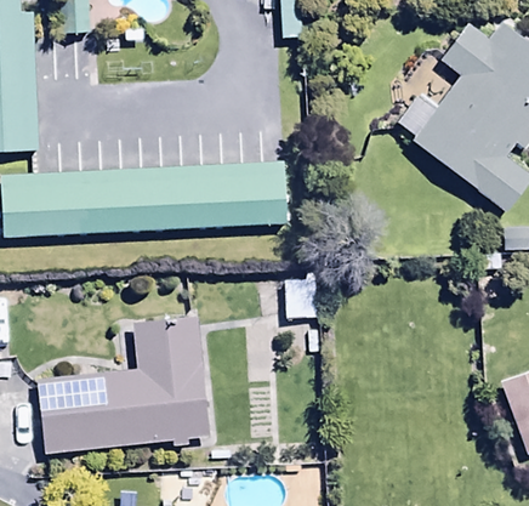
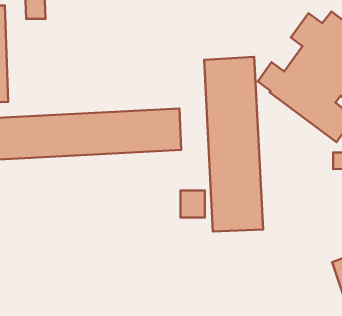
building: none -> [204,57,263,232]
building: [38,315,210,454] -> none

